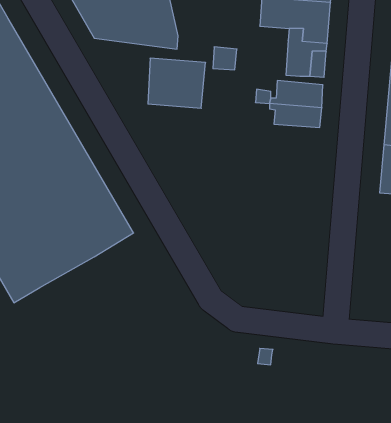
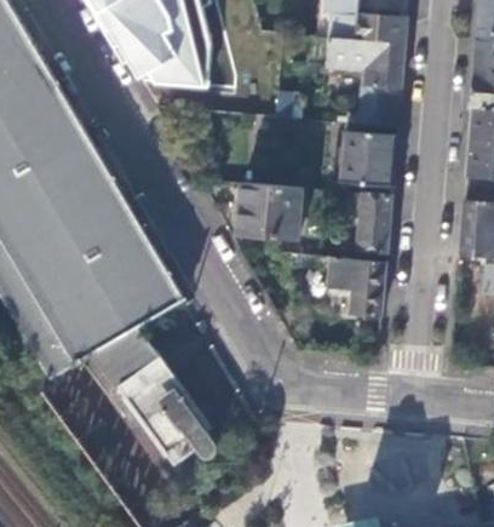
building: [148,58,206,108] -> [239,183,303,239]
building: none -> [340,191,390,252]
building: none -> [328,257,385,315]
building: none -> [80,326,216,462]

